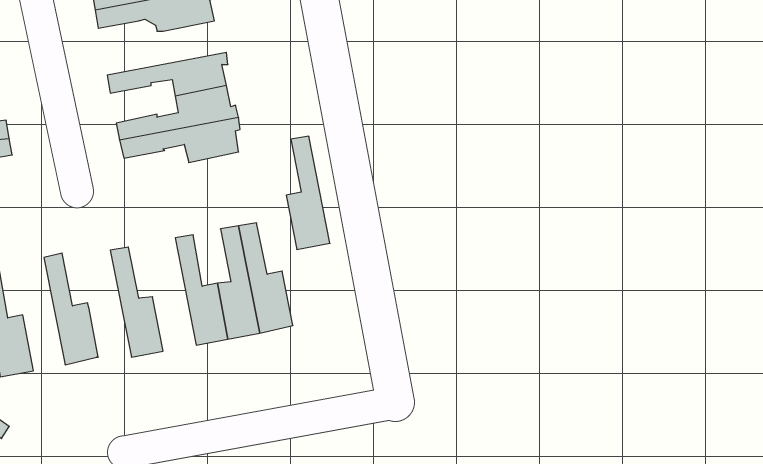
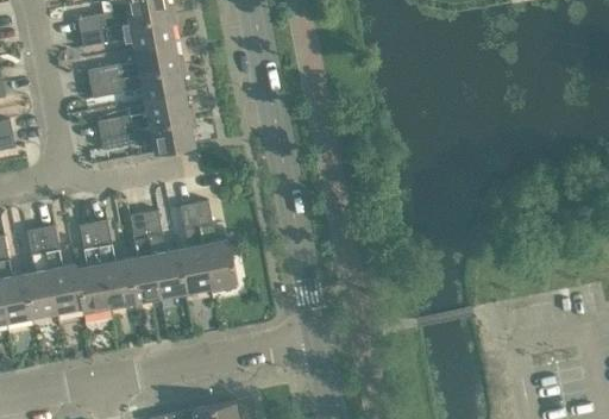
building: none -> [88,42,184,85]
building: [286,136,330,249] -> [126,213,161,302]
building: none -> [76,223,109,312]
building: none -> [24,229,57,318]

